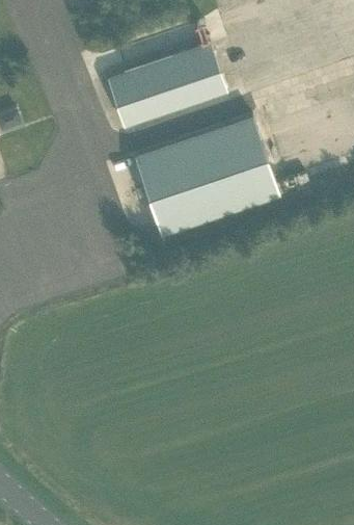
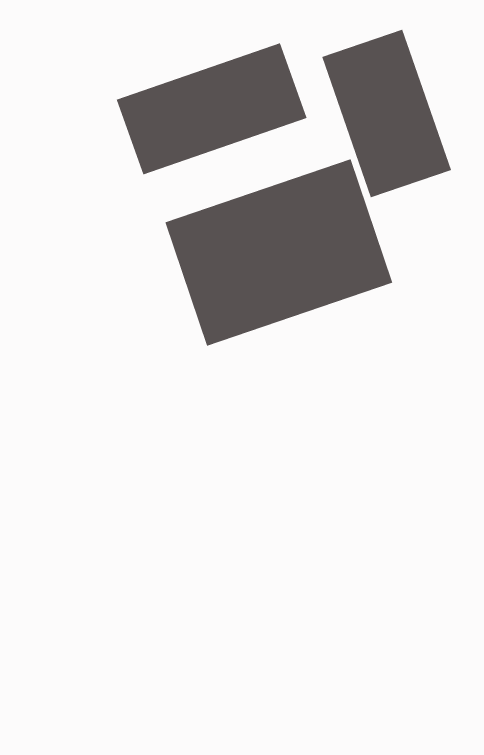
building: none -> [321,29,452,198]

